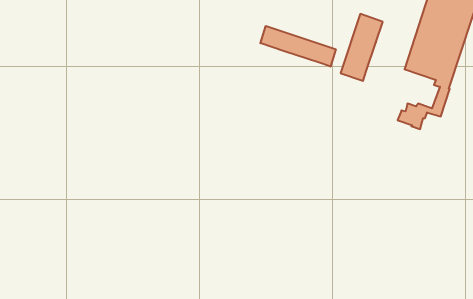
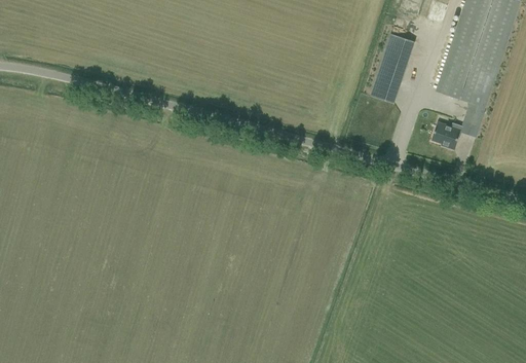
building: [260,26,336,67] -> none

